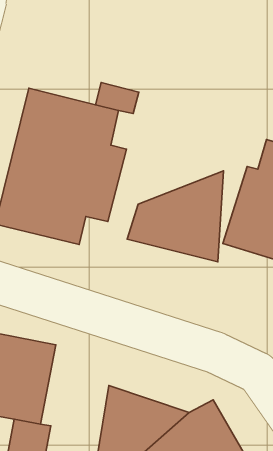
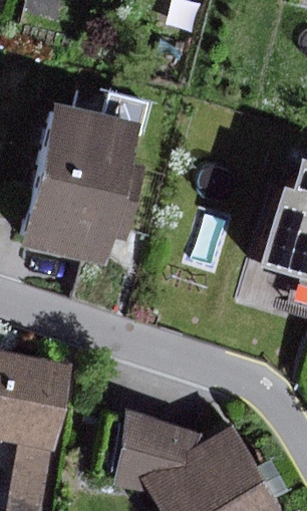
building: [127,171,224,262] -> none

